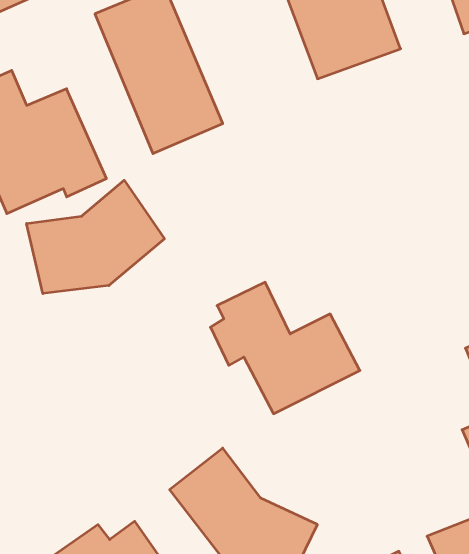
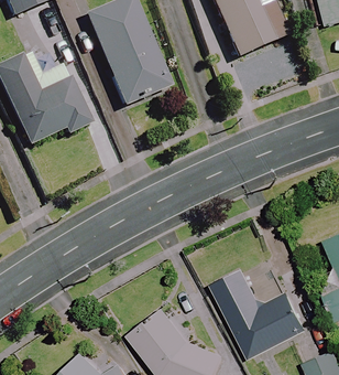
building: [27,180,164,294] -> none
building: [210,282,360,414] -> [210,268,309,355]

